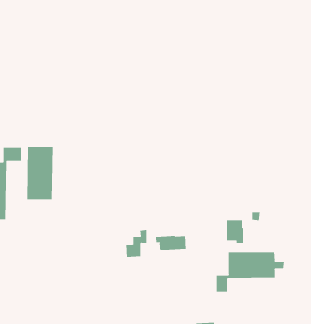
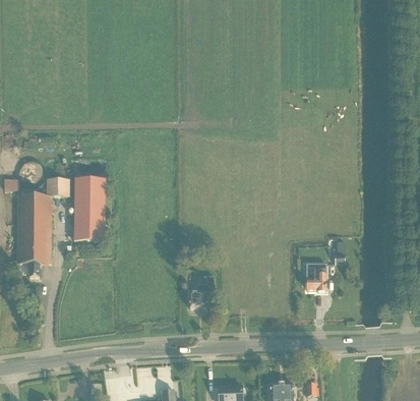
building: [156,235,186,251] -> none
building: [216,252,284,293] -> none

